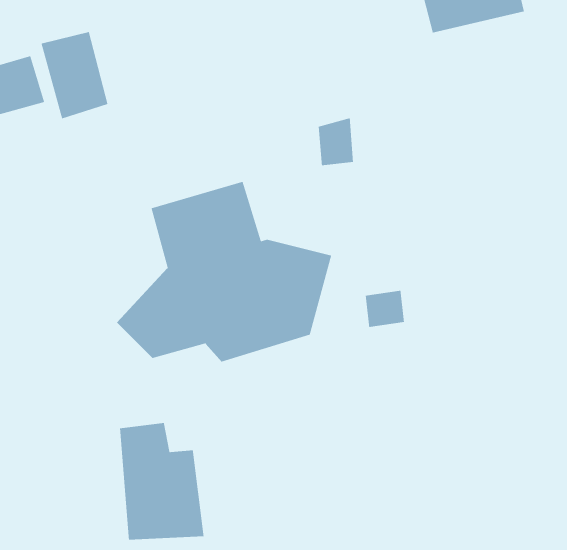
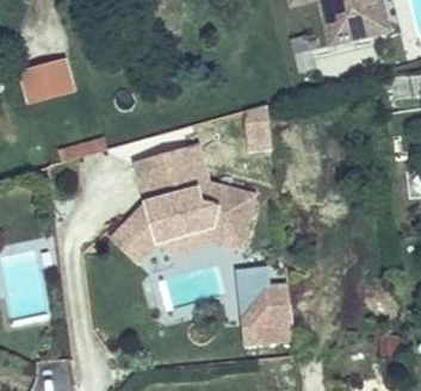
building: [40,31,108,120] -> none
building: [119,422,205,540] -> [236,267,292,345]

